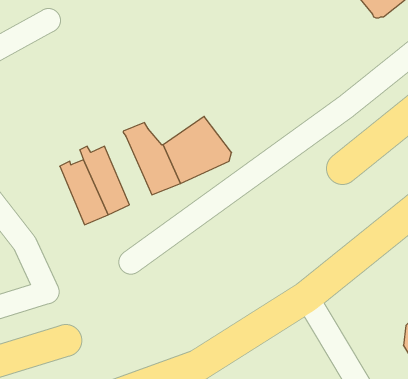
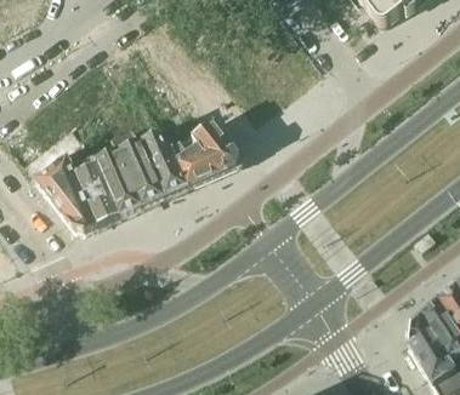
building: none -> [110,136,164,212]
building: none -> [38,162,98,237]

